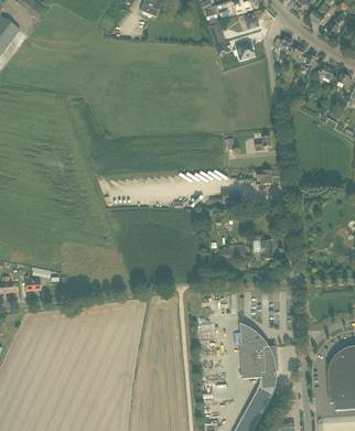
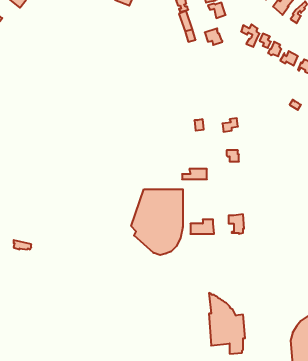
building: none -> [131,189,183,255]

